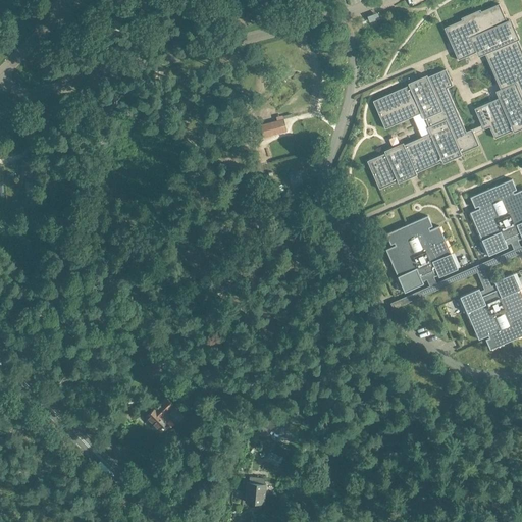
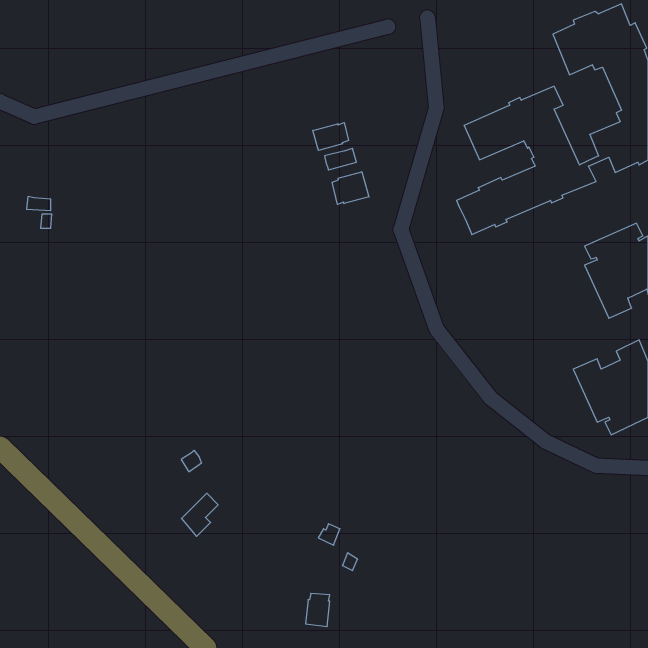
building: none -> [313,123,348,150]
building: none -> [332,172,369,204]
building: [387,216,459,293] -> none

